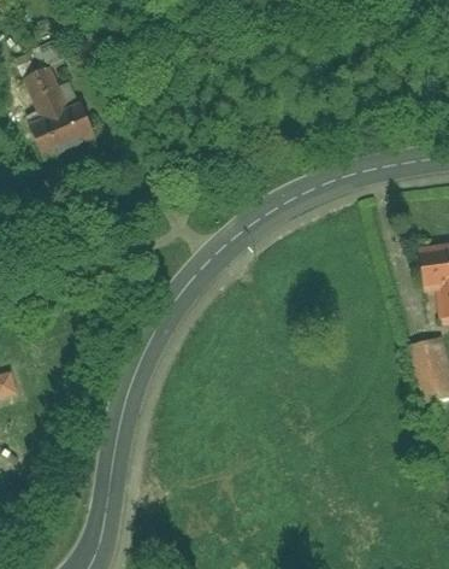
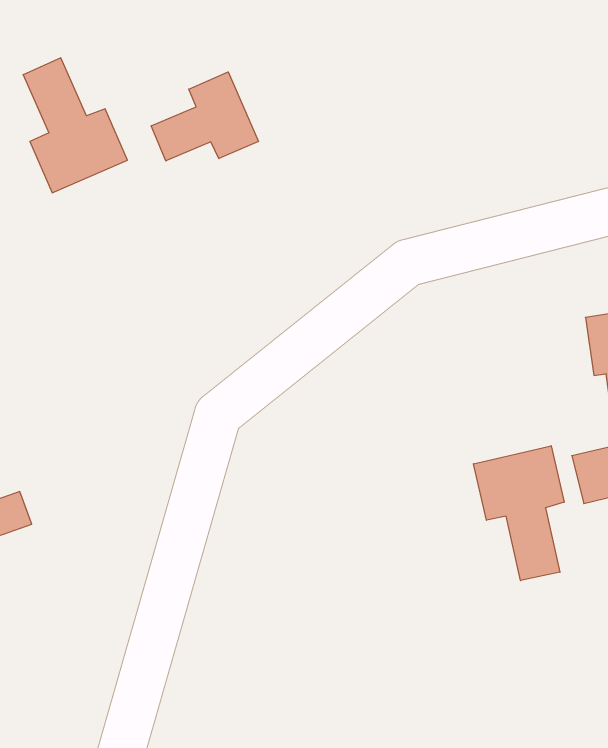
building: none -> [151,72,258,161]
building: none -> [473,446,564,581]

